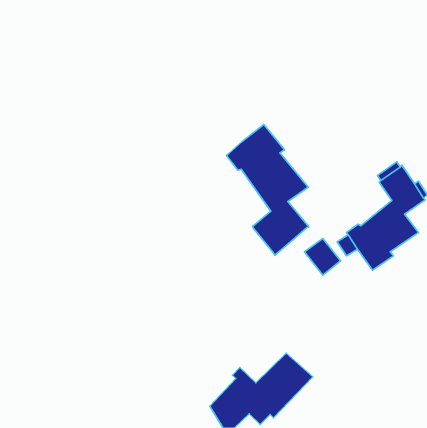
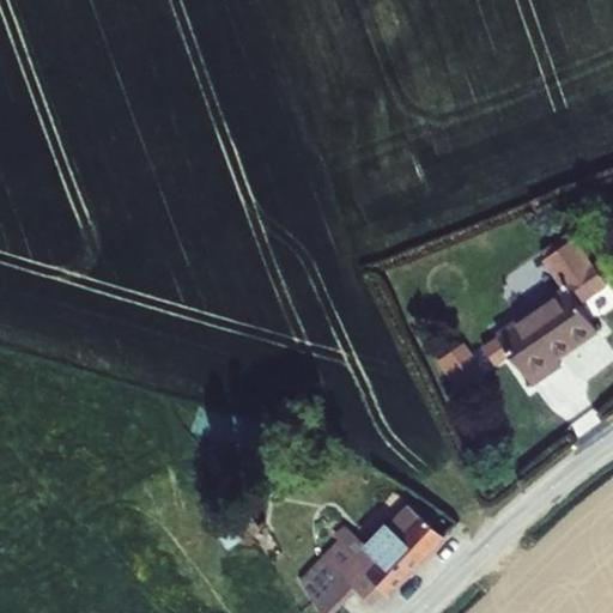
building: [226,124,309,255] -> none

